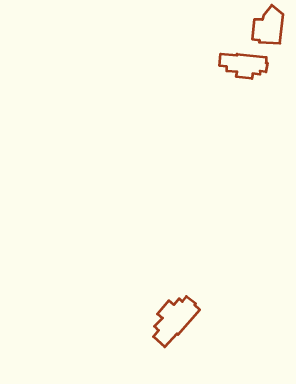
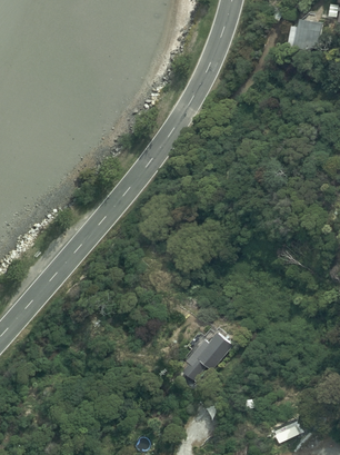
building: [220,54,267,79] -> none

